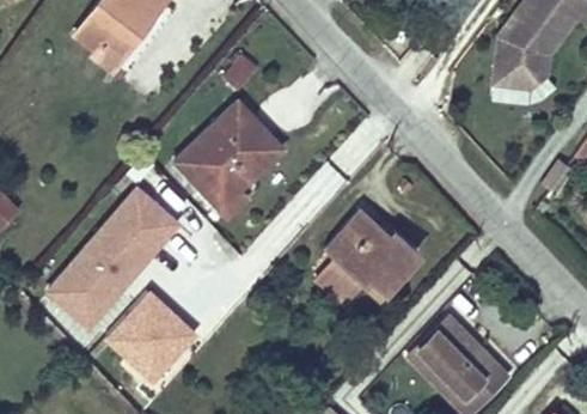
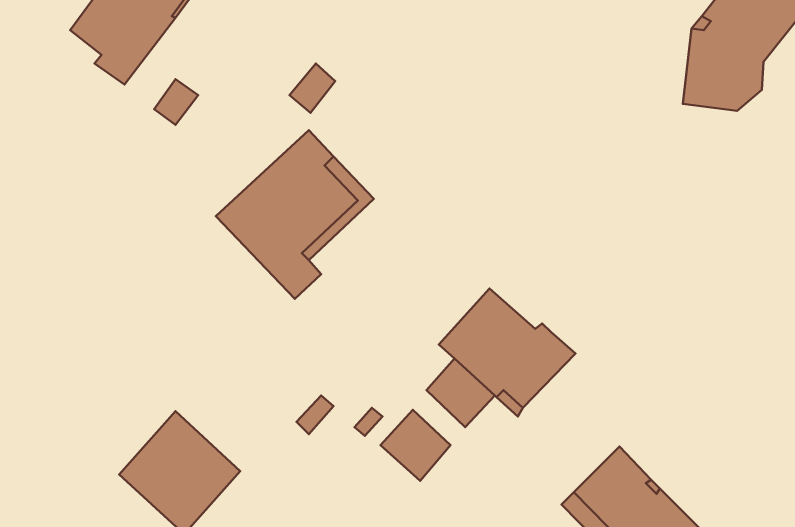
building: [48,189,181,328] -> none
building: none -> [380,410,451,481]

